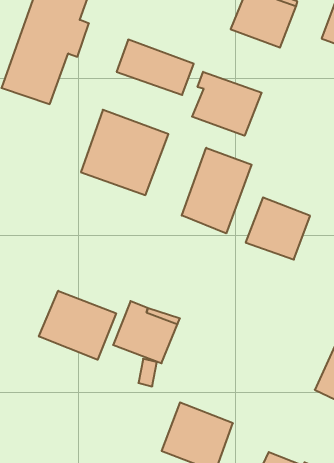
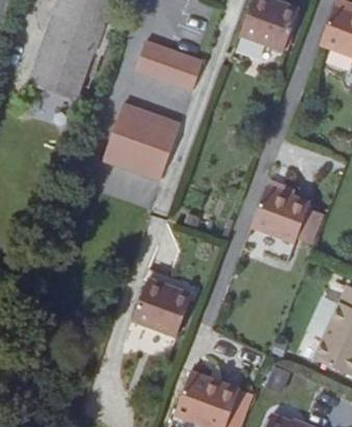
building: [192,72,262,136] -> none
building: [182,148,252,233] -> none
building: [39,291,116,360] -> none

